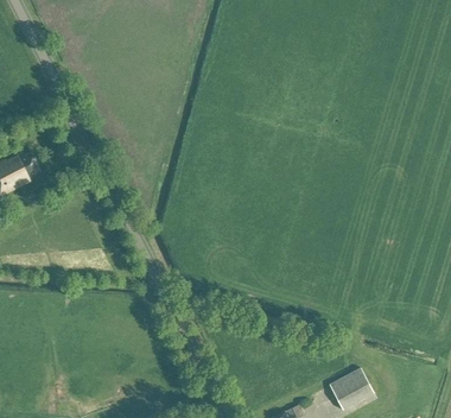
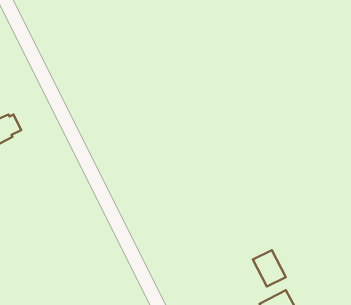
building: none -> [253,250,286,287]

